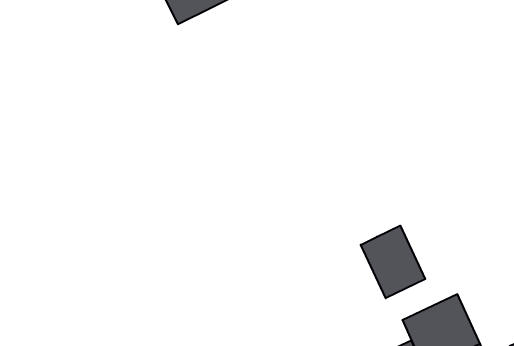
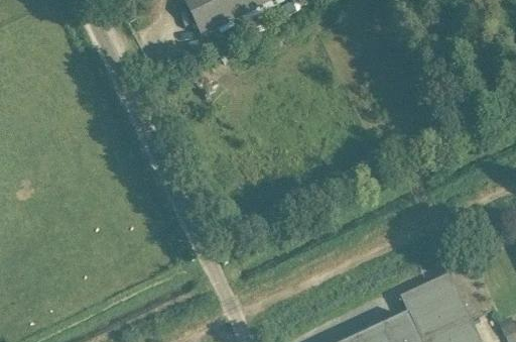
building: [361,226,425,298] -> none

